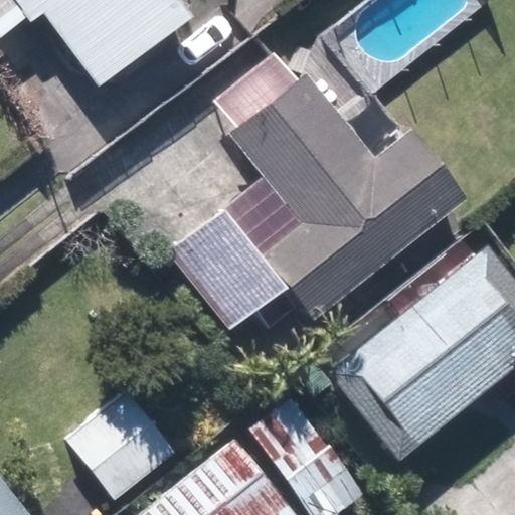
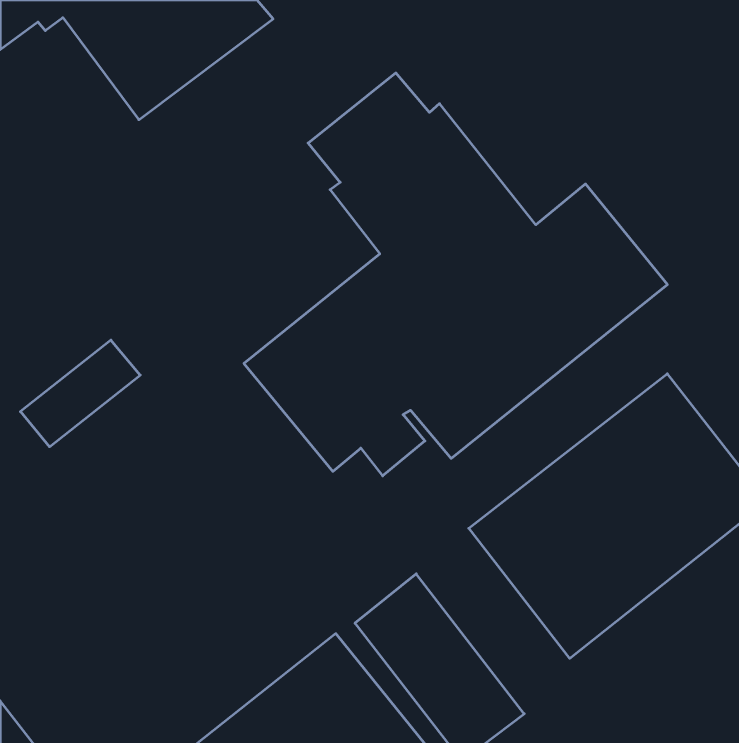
building: [65,396,171,502] -> none

